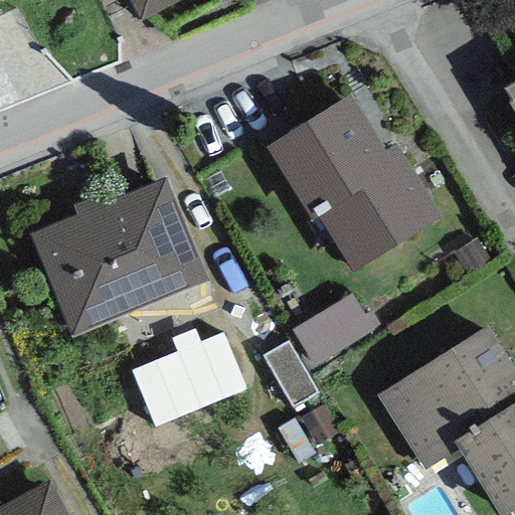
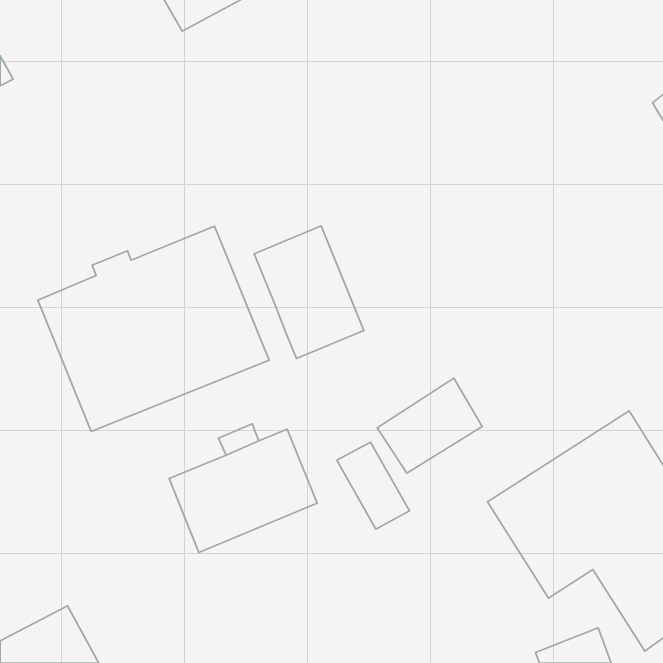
building: [269,100,442,275] -> none
building: none -> [254,226,364,359]

